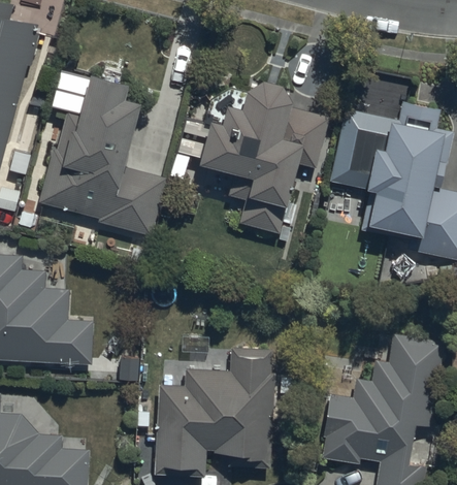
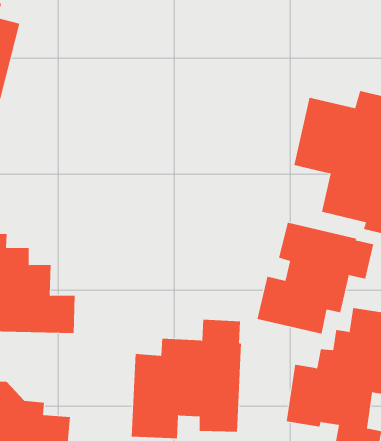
building: [38,69,167,238] -> none
building: [201,82,331,233] -> none
building: none -> [257,222,374,334]

